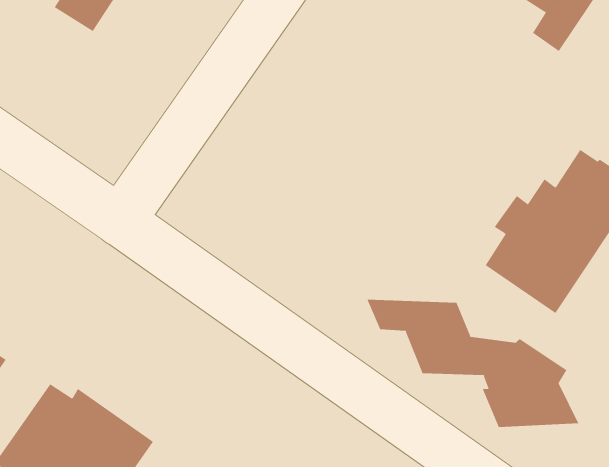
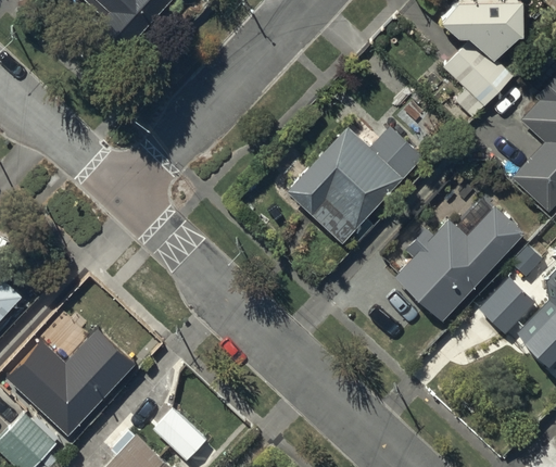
building: none -> [288,124,426,244]
building: [366,299,579,428] -> none

